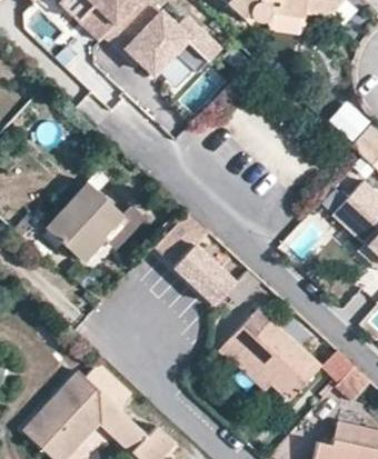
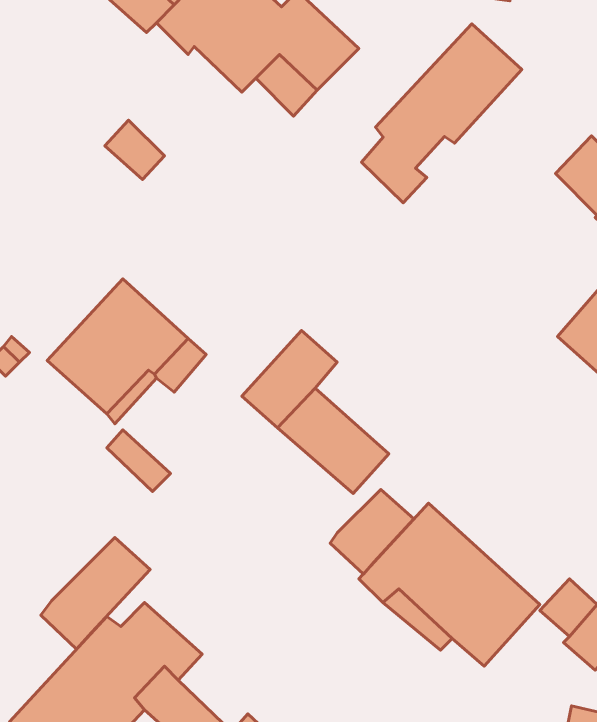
building: none -> [361,24,522,203]
building: none -> [330,490,414,574]
building: none -> [41,538,150,649]

